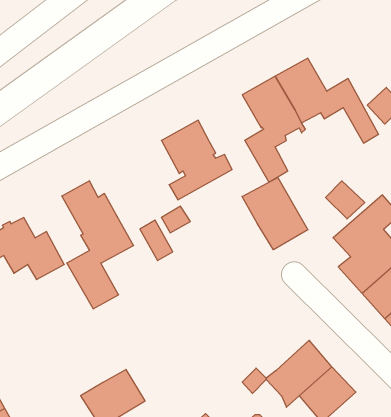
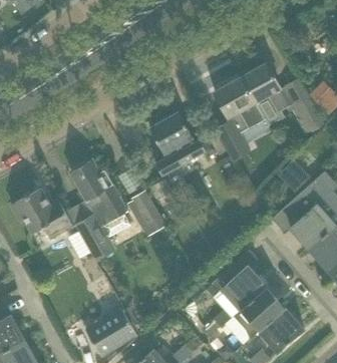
building: [242,177,308,250] -> none
building: none -> [215,260,267,310]

